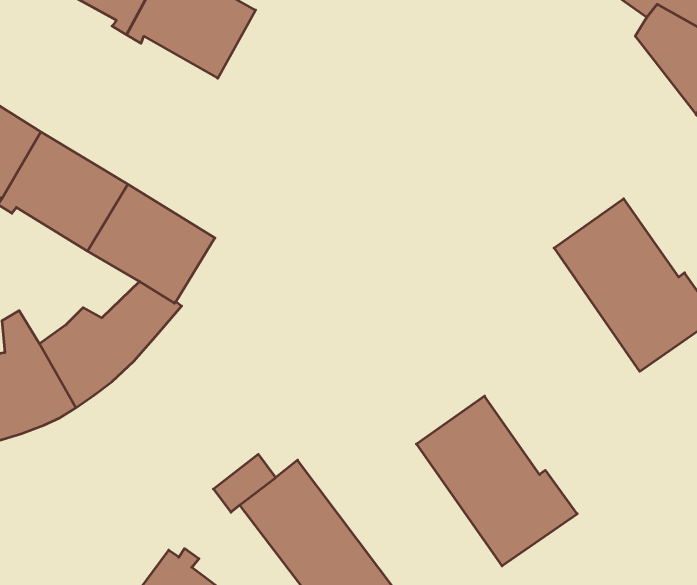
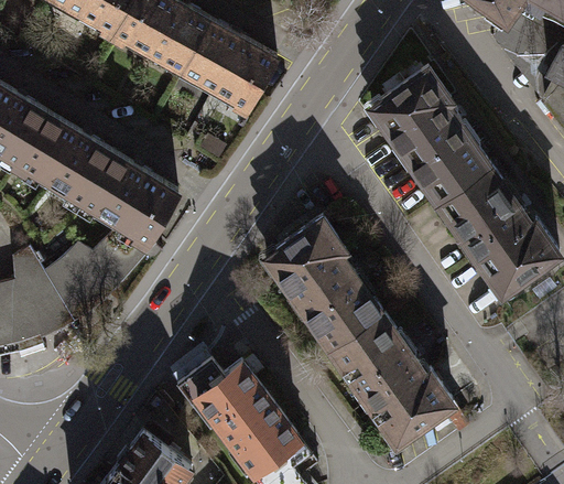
building: none -> [181,20,276,114]
building: none -> [371,68,489,201]
building: none -> [265,217,383,349]

